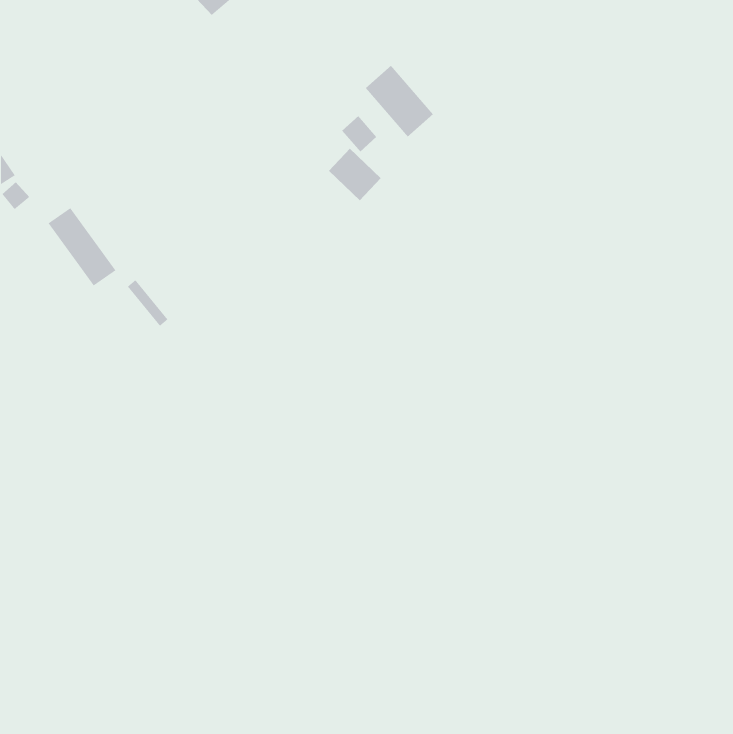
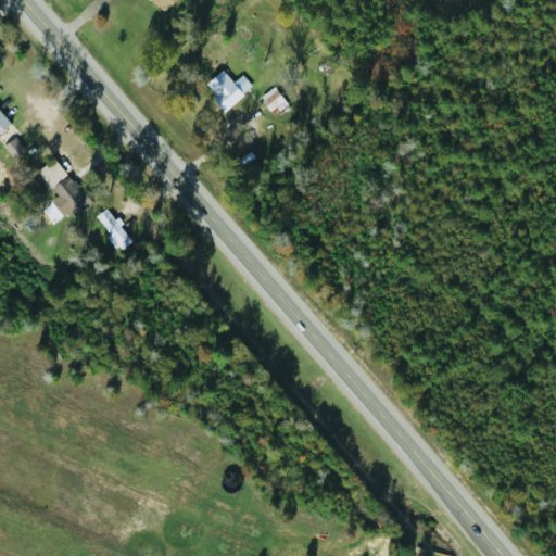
building: [365,65,434,138] -> none
building: [328,148,382,201] -> [205,68,245,109]

